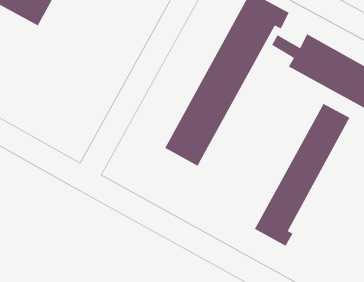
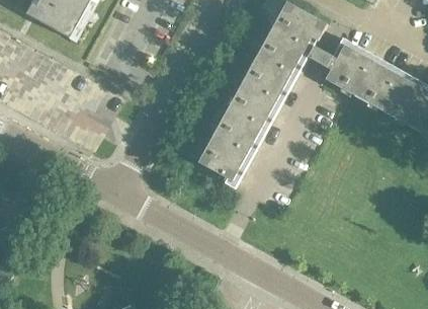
building: [254,103,351,247] -> none

